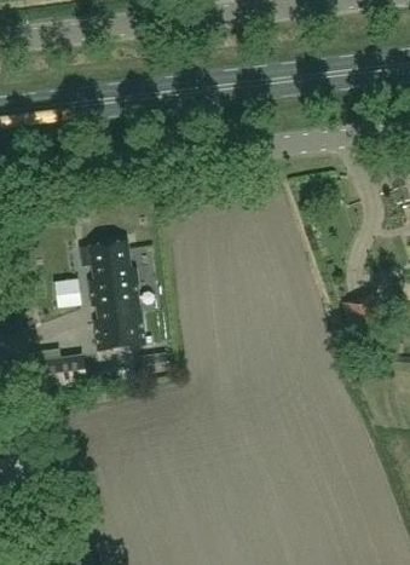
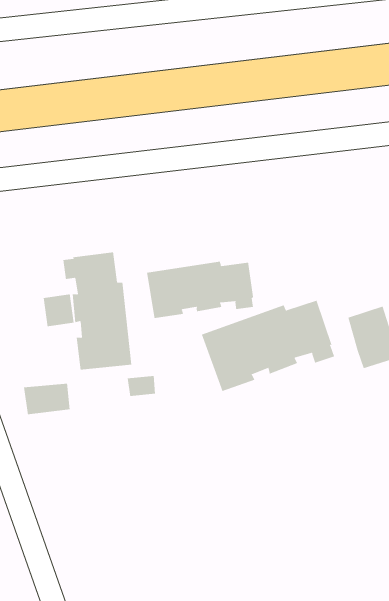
building: none -> [147,261,254,319]
building: none -> [201,300,335,392]

